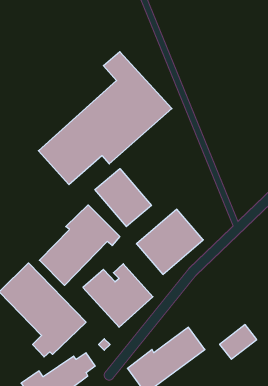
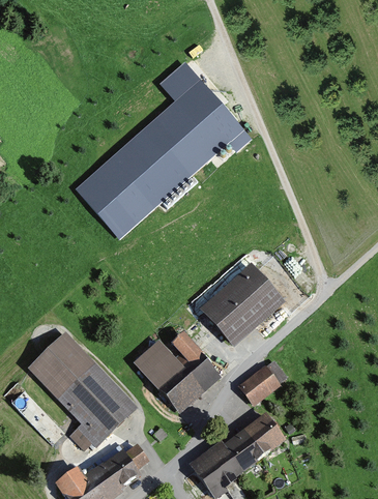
building: [95,169,151,227] -> none
building: [39,205,120,285] -> none
building: [220,325,257,359] -> [239,359,286,403]

